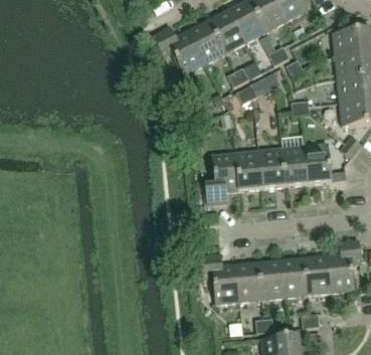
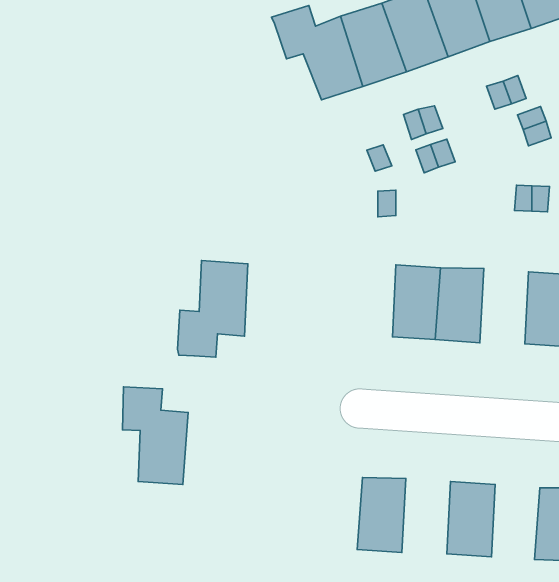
building: [282,146,309,186] -> none
building: [205,153,240,205] -> [178,261,248,357]
building: [201,254,239,304] -> [123,387,188,484]
building: [305,255,331,295] -> none
building: [258,259,286,300] -> none

